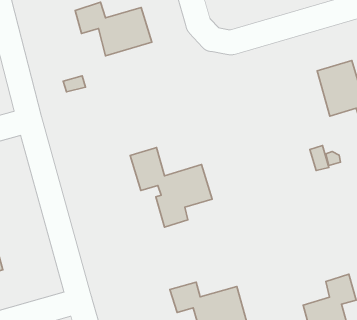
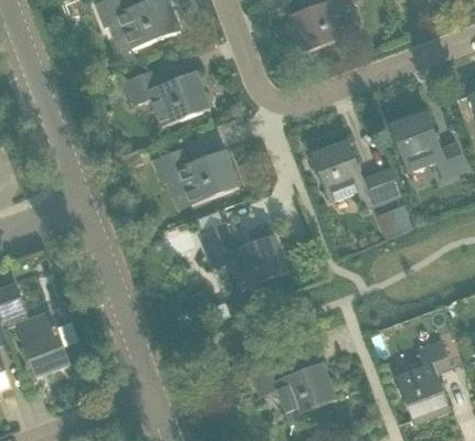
building: none -> [152,147,238,204]
building: none -> [309,139,399,207]

